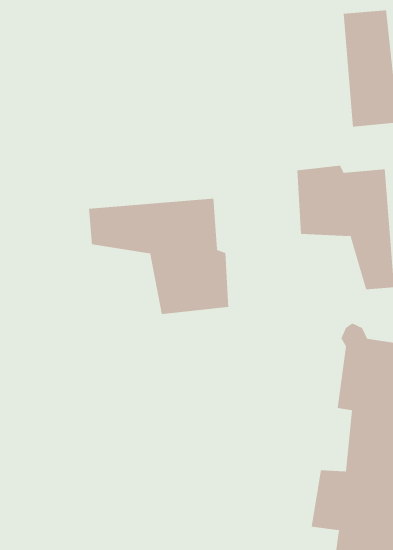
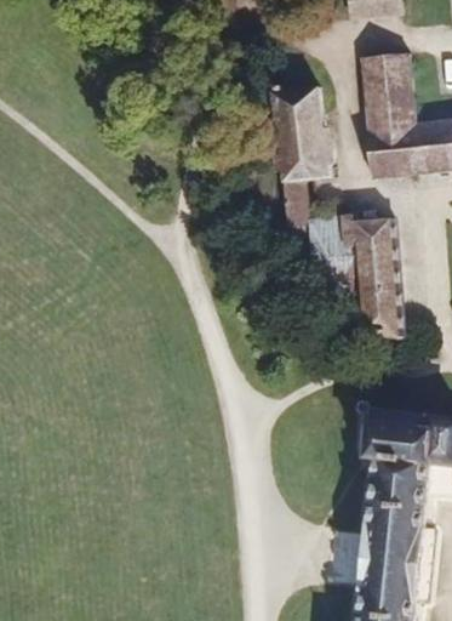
building: none -> [276,89,337,227]
building: [88,198,229,315] -> none

